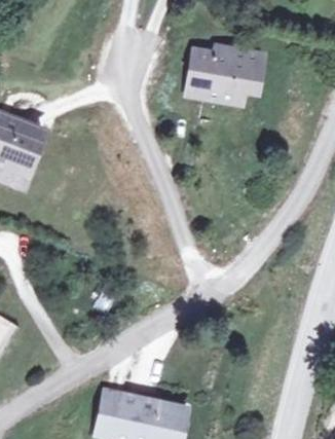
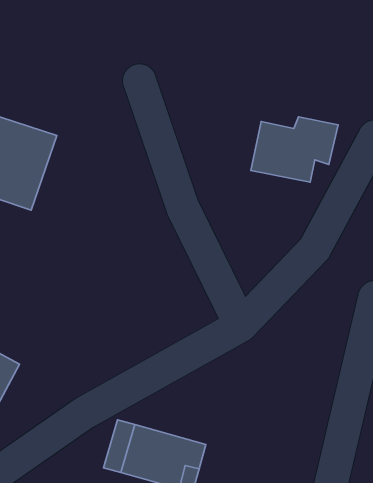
building: [188,48,265,106] -> [251,117,338,182]

